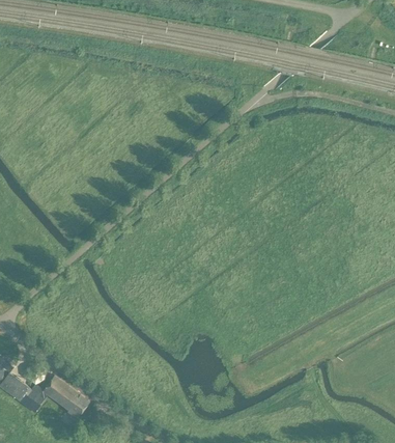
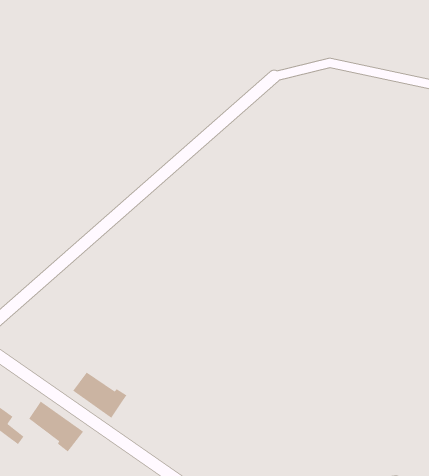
building: none -> [72,372,127,419]

